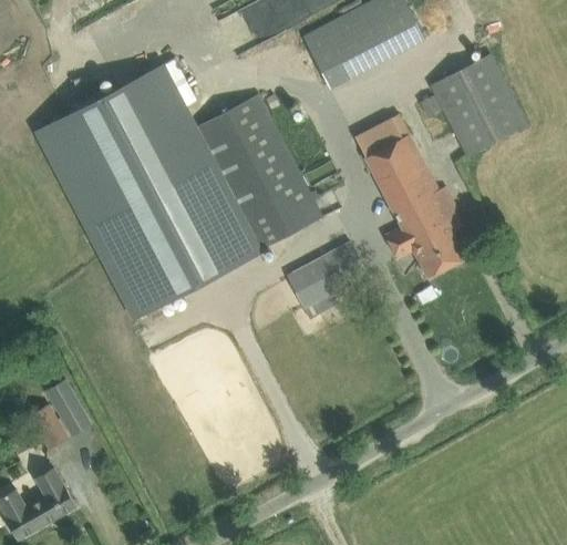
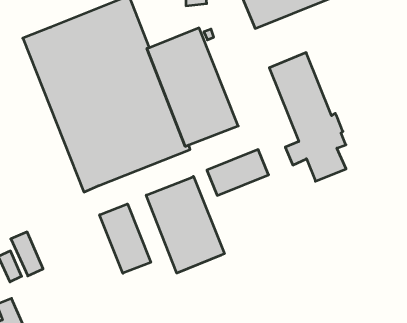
building: [433,56,526,155] -> none
building: none -> [146,176,224,273]
building: none -> [100,204,151,273]

